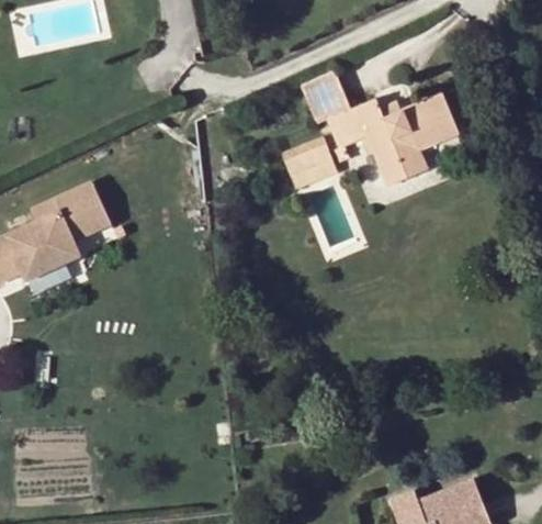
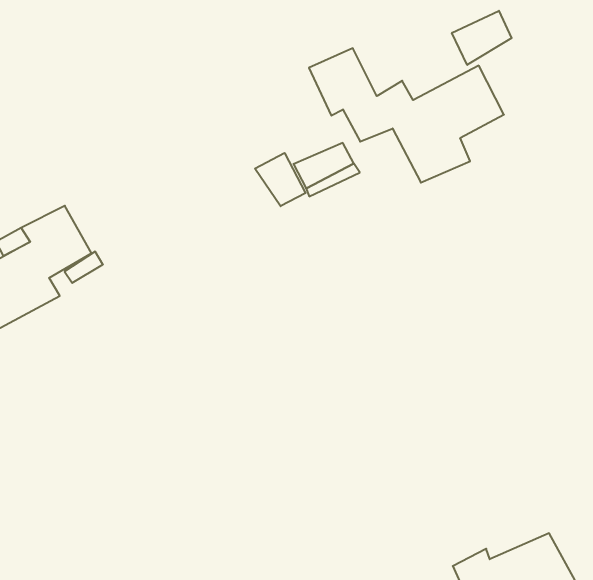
building: none -> [452,11,512,65]
building: none -> [255,153,306,206]

